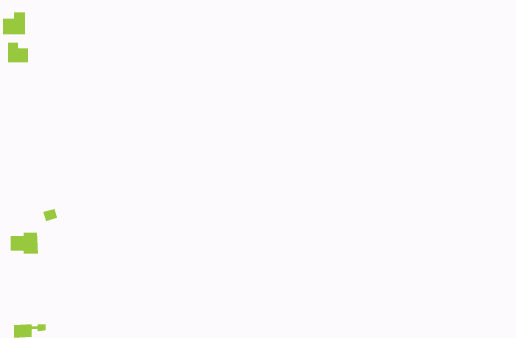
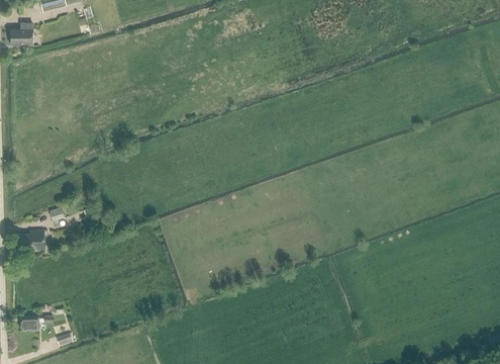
building: [7,42,29,63] -> none

